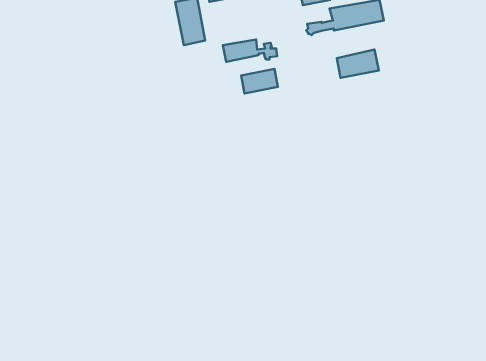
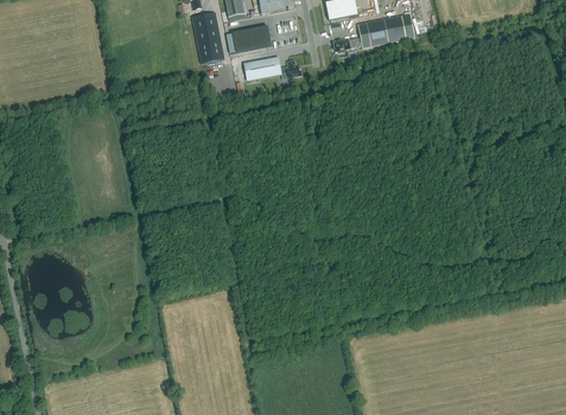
building: [337,50,379,78] -> none
building: [241,69,278,93] -> [234,25,273,51]

